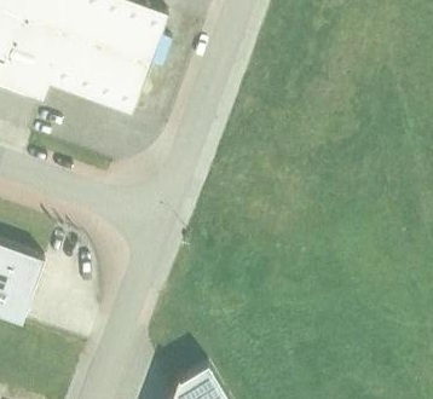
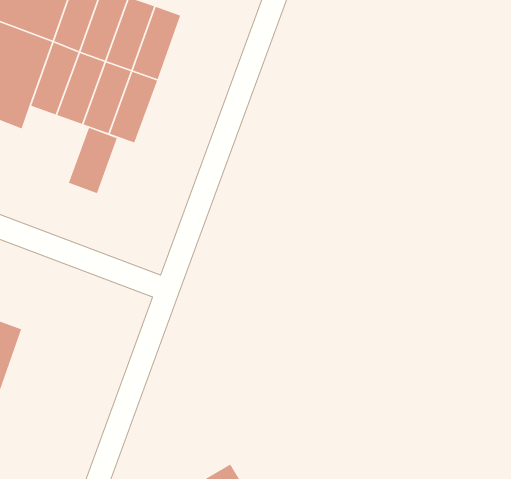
building: none -> [68,127,118,194]

